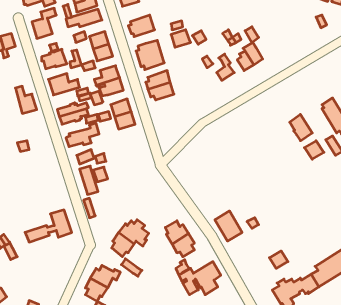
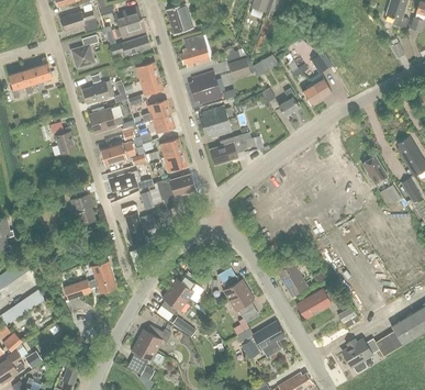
building: none -> [210,131,250,164]
building: none -> [156,174,195,200]
building: none -> [70,192,96,223]
building: none -> [298,288,333,321]

